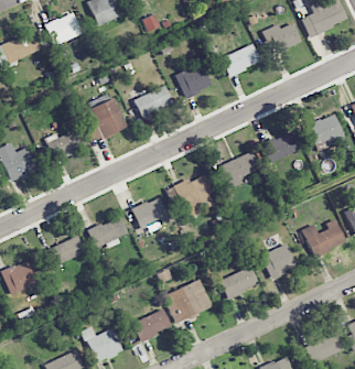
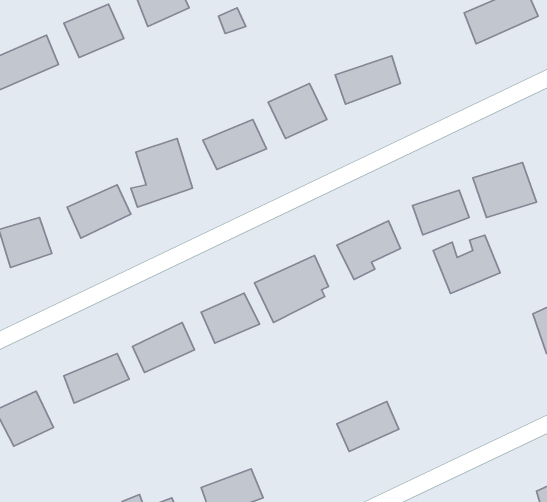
building: [261,23,301,55] -> none
building: [302,219,345,257] -> [433,235,500,294]
building: [260,243,297,278] -> none
building: [162,279,212,324] -> none

